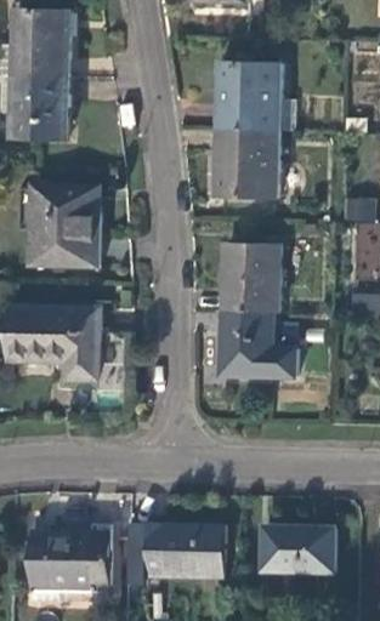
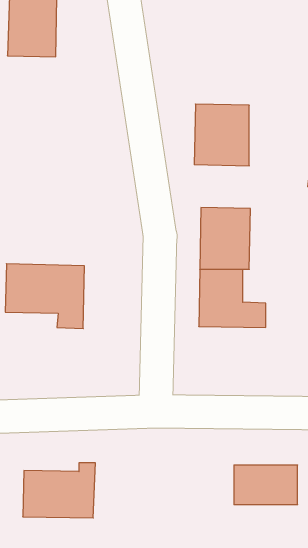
building: [220,64,280,131] -> none
building: [11,76,66,138] -> none
building: [28,186,97,266] -> none
building: [127,524,223,587] -> none

